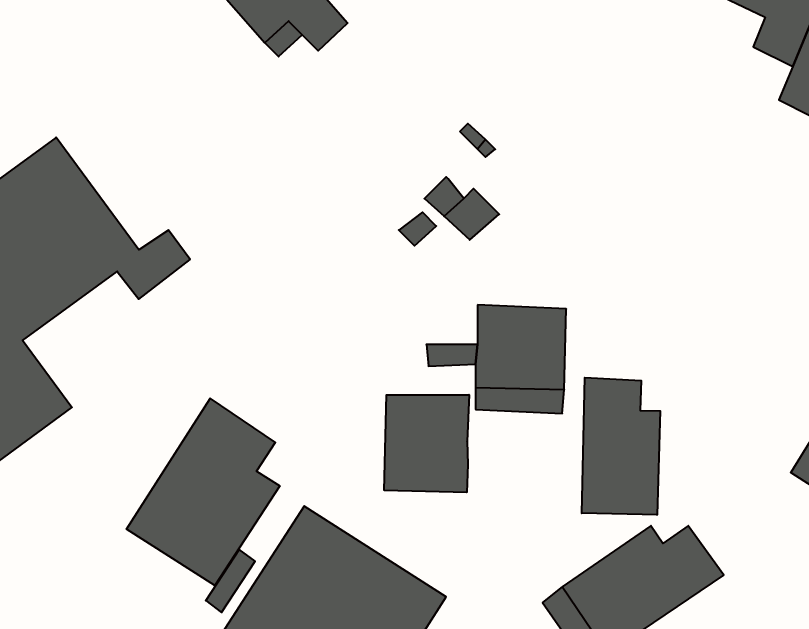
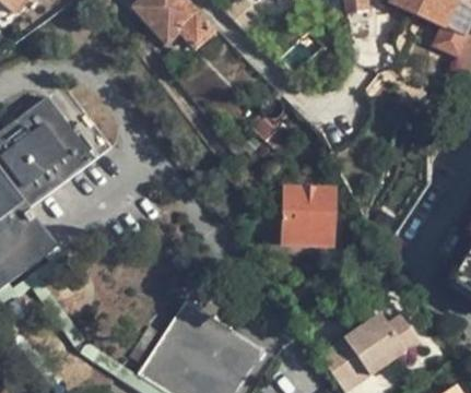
building: [582,378,660,515] -> none
building: [384,395,469,492] -> none
building: [127,398,280,586] -> none

